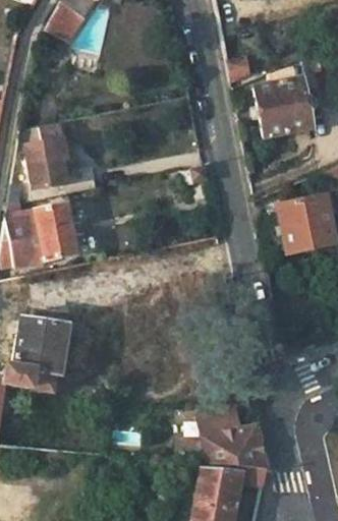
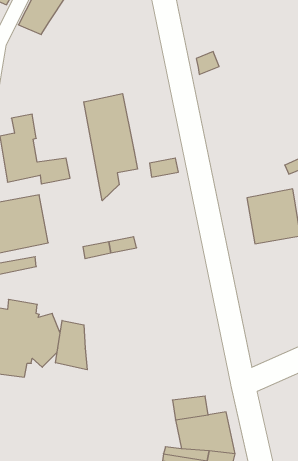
building: [256,56,312,136] -> none
building: none -> [84,94,137,201]
building: none -> [56,320,87,370]

